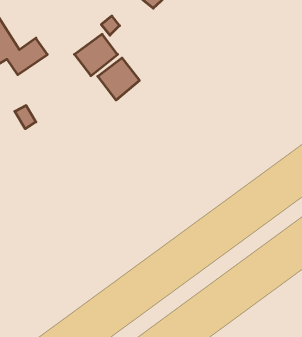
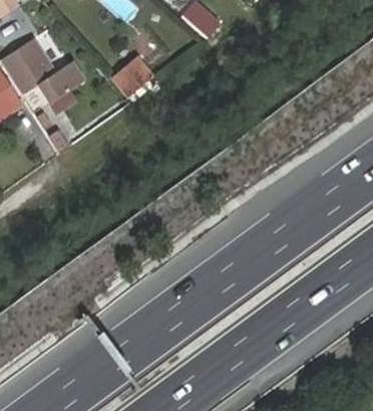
building: [98,58,139,100] -> none

